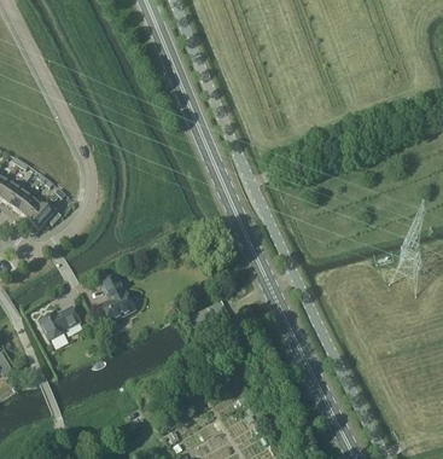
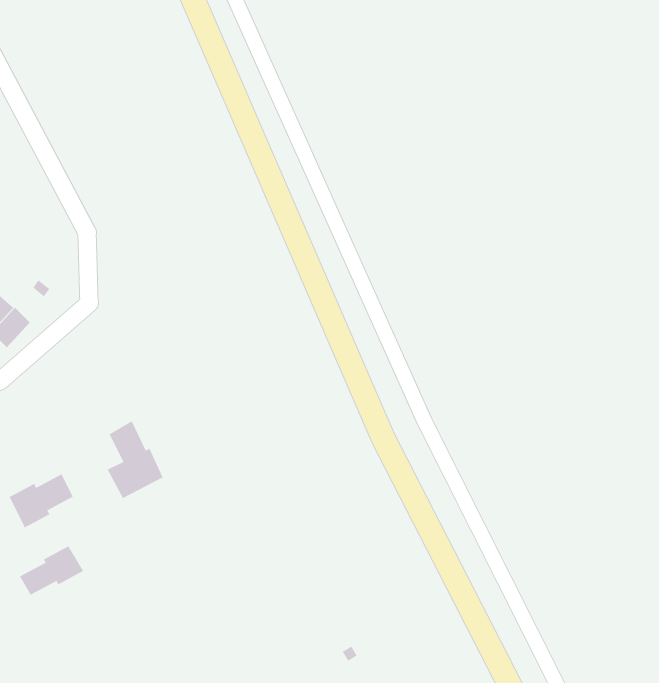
building: none -> [19,545,84,596]

